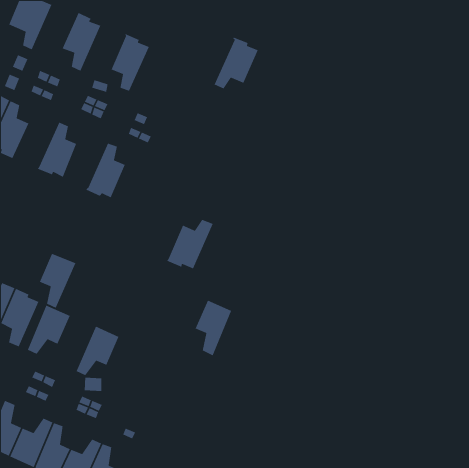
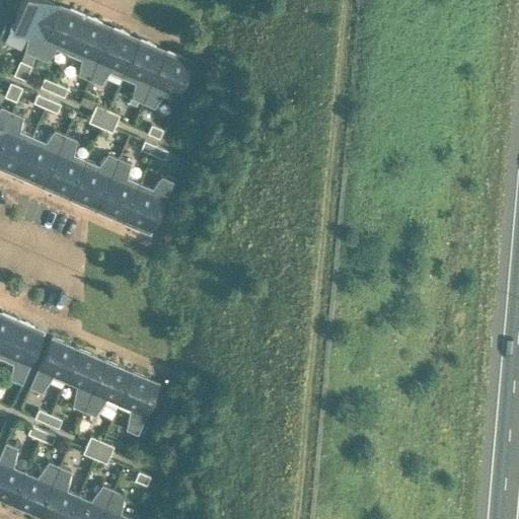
building: none -> [36,7,87,63]
building: none -> [90,26,139,86]
building: [214,36,259,89] -> [144,50,194,108]
building: none -> [15,131,66,186]
building: none -> [69,154,120,209]
building: [166,219,214,270] -> [122,177,174,233]
building: [39,253,76,309] -> [65,350,106,412]
building: [195,299,232,356] -> [119,373,160,436]

